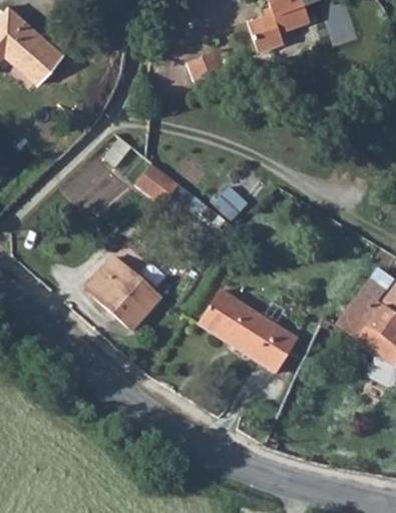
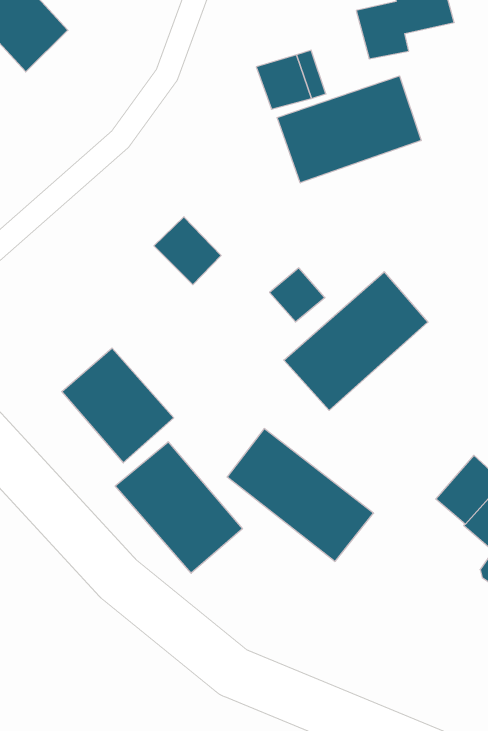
building: none -> [277,76,421,183]
building: none -> [284,272,428,410]
building: none -> [115,442,242,573]

